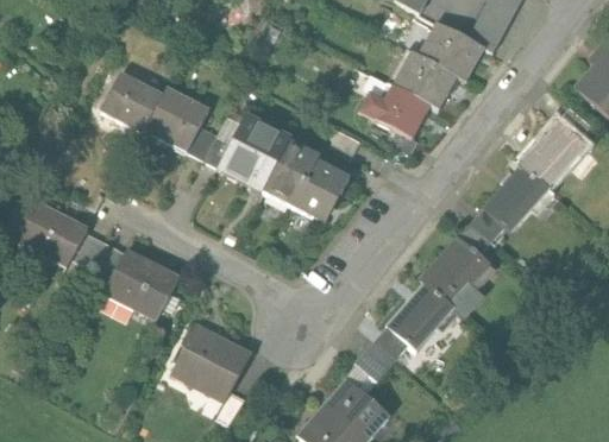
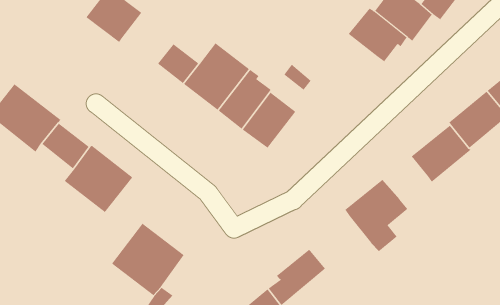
building: [360,82,429,135] -> none
building: [145,86,211,150] -> none
building: [457,207,506,255] -> none
building: [388,283,454,351] -> none

